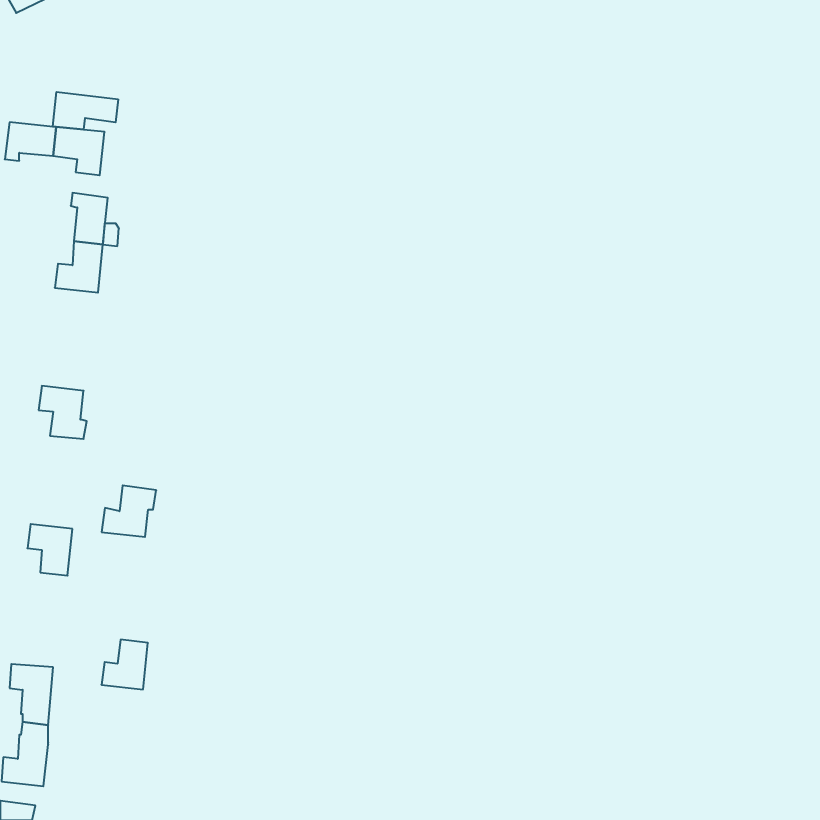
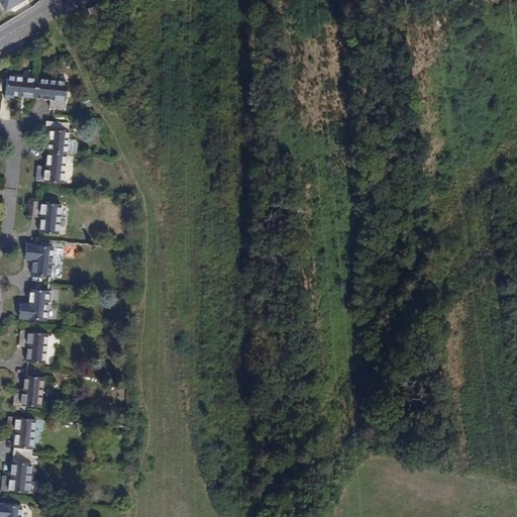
building: [53,92,118,130] -> none
building: none -> [32,202,61,236]
building: [102,485,156,537] -> [18,286,53,318]
building: [101,640,148,689] -> [12,376,41,407]

